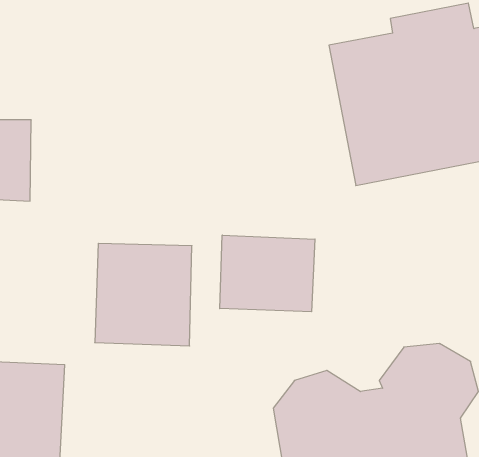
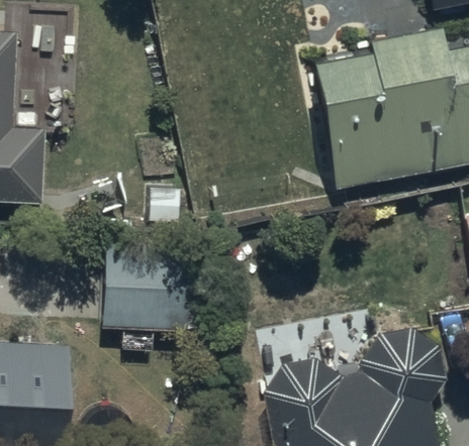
building: [220,235,315,312] -> none

